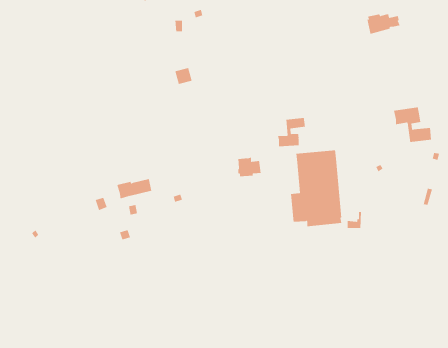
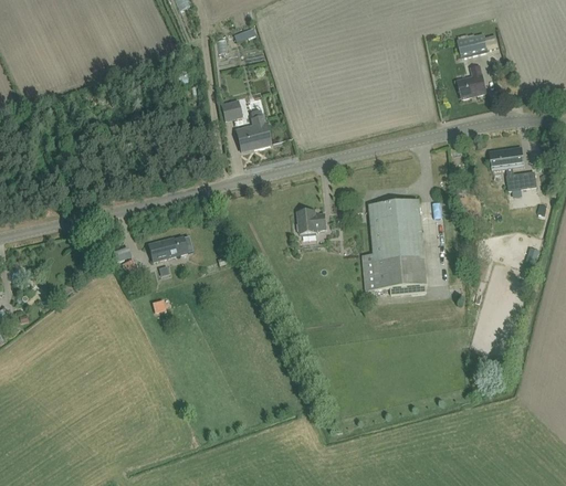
building: none -> [457,64,485,98]
building: none -> [235,108,270,150]
building: [277,117,306,147] -> none

